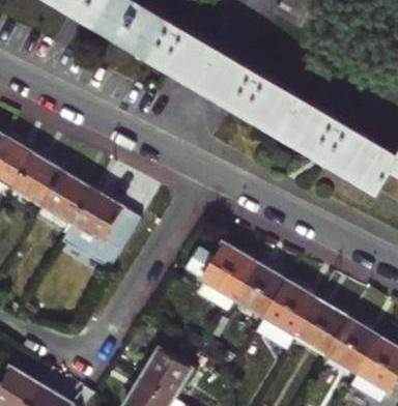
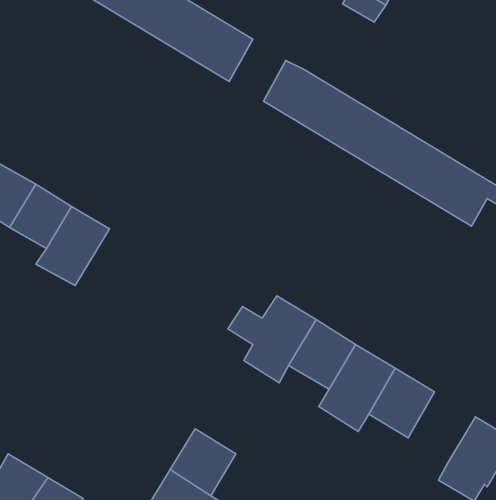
building: [187,42,231,91] -> none
building: [65,192,123,255] -> none
building: [328,320,380,376] -> none

